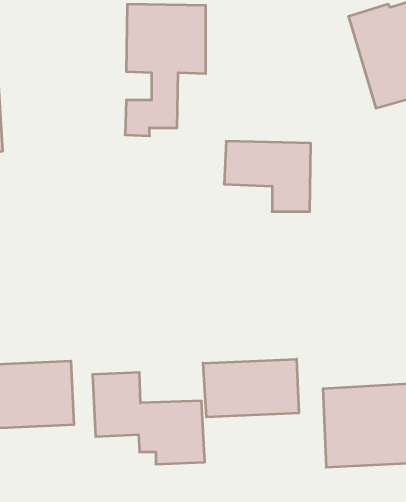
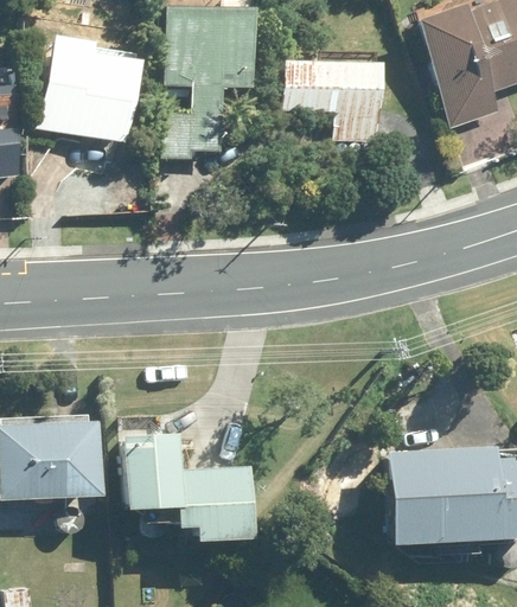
building: none -> [39,34,140,175]
building: [224,141,311,212] -> [282,60,383,142]
building: [203,359,299,417] -> none

